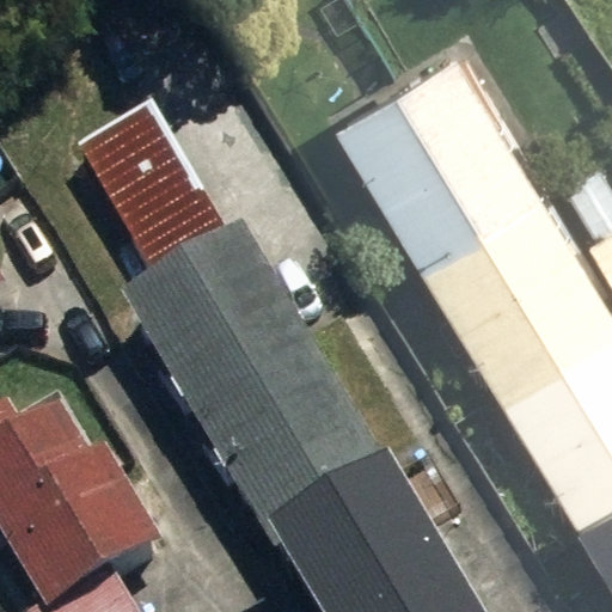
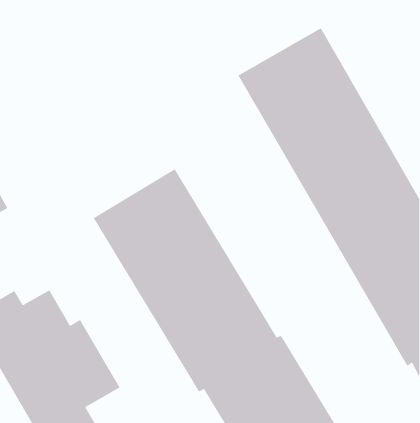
building: [80,115,233,288] -> none

